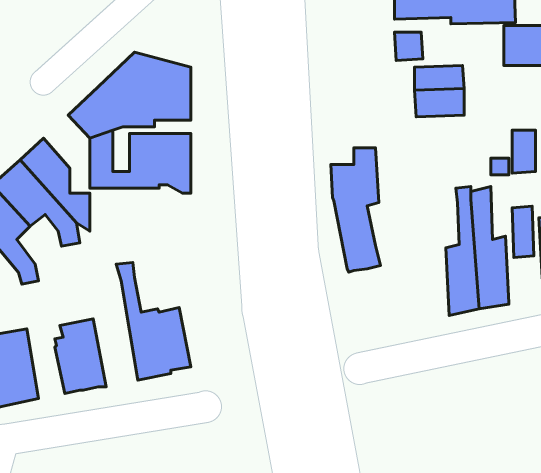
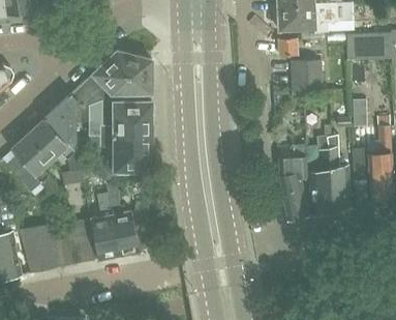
building: none -> [59,89,88,122]
building: [331,148,380,272] -> [277,142,308,220]
building: none -> [100,133,151,169]
building: none -> [90,193,118,259]
building: none -> [53,221,72,266]

